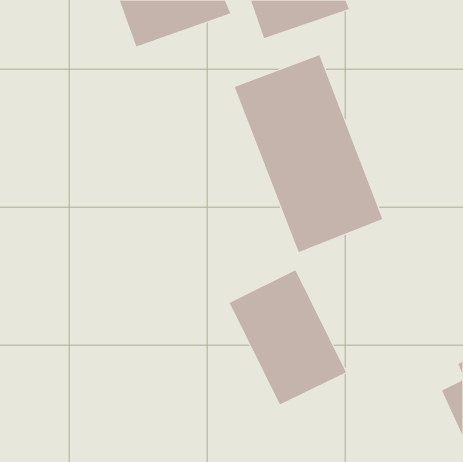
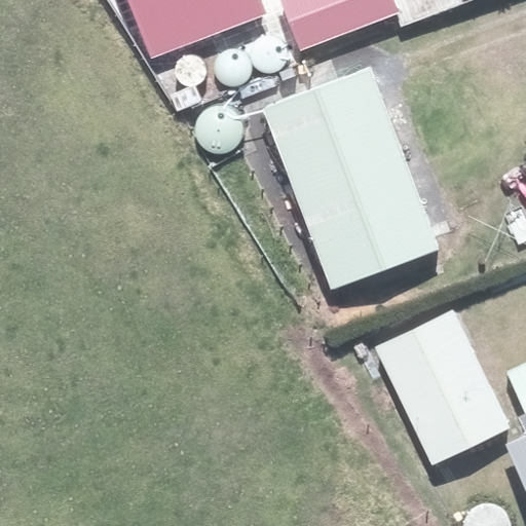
building: [229,269,347,405] -> [376,310,510,464]

